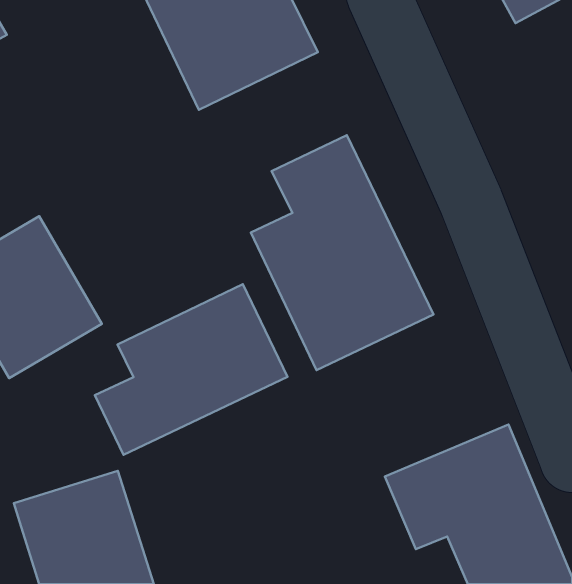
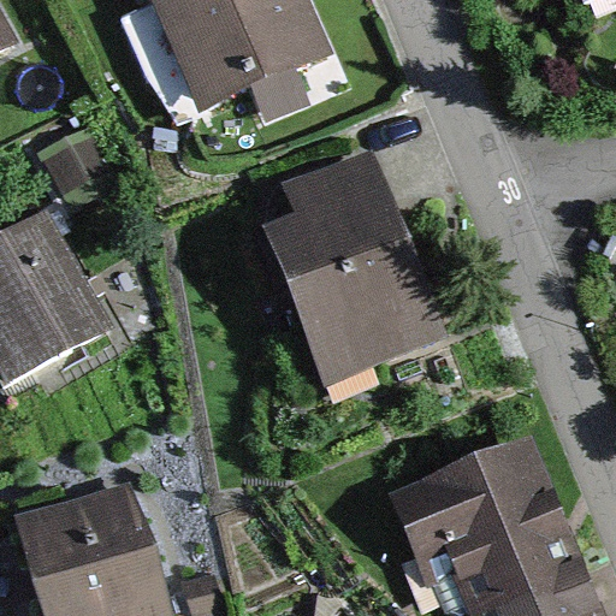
building: [95,284,288,455] -> none

